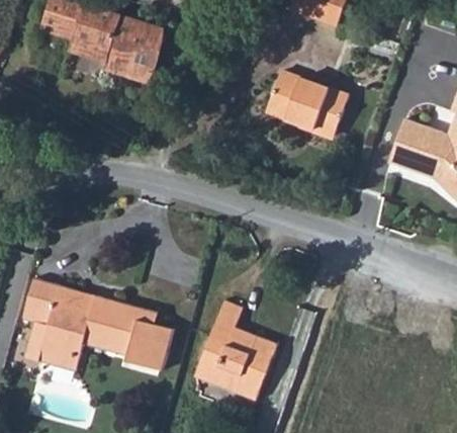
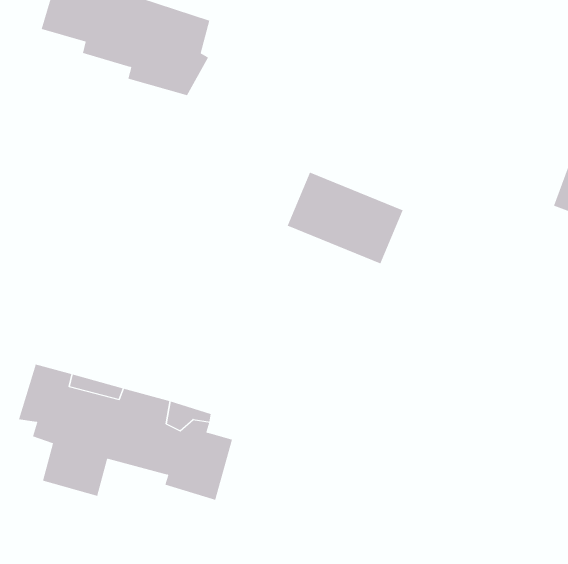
building: [265,64,348,129] -> [287,172,404,264]
building: [195,296,277,398] -> none

